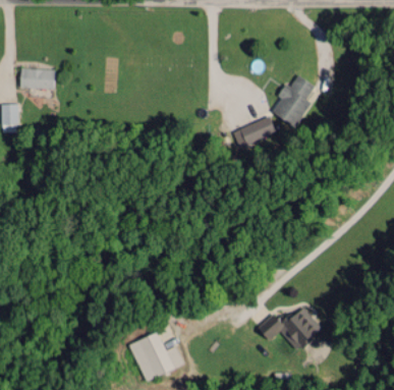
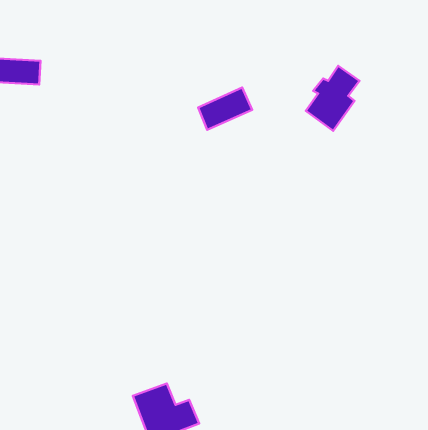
building: [233,116,277,151] -> [198,87,252,130]
building: [258,308,322,350] -> none

